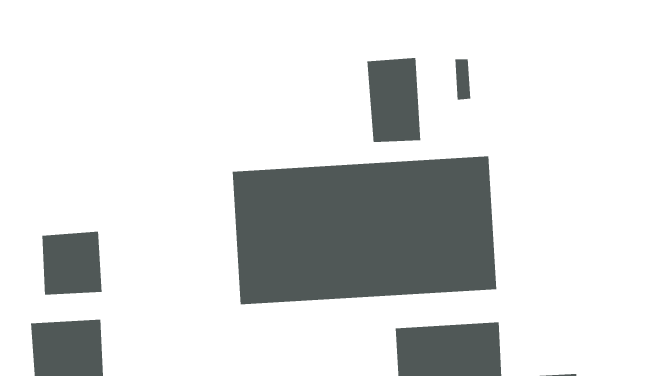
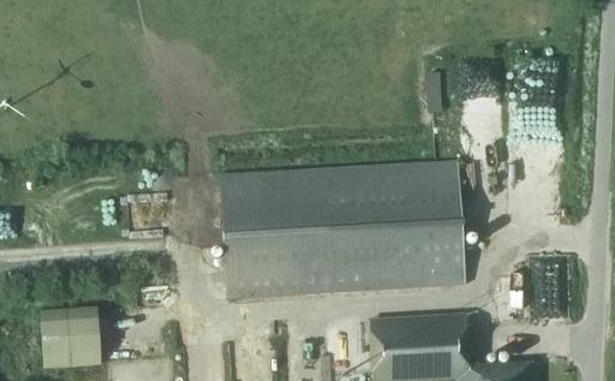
building: [367,57,421,143] -> none
building: [42,231,102,296] -> none

